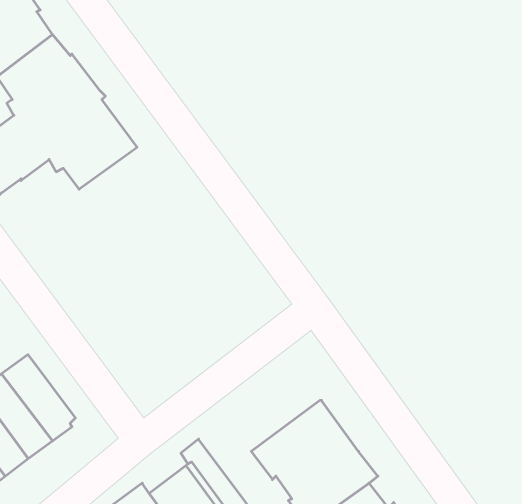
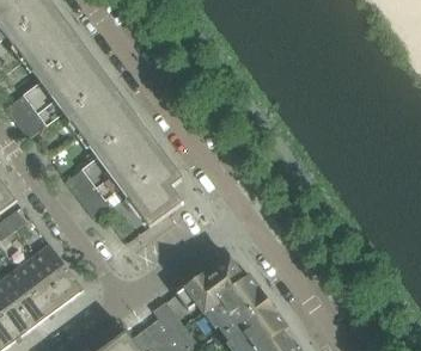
building: none -> [65,103,183,224]
building: none -> [176,259,248,309]

